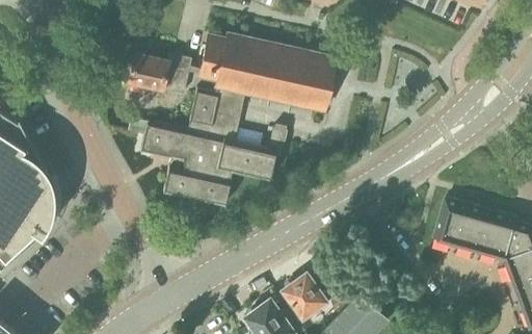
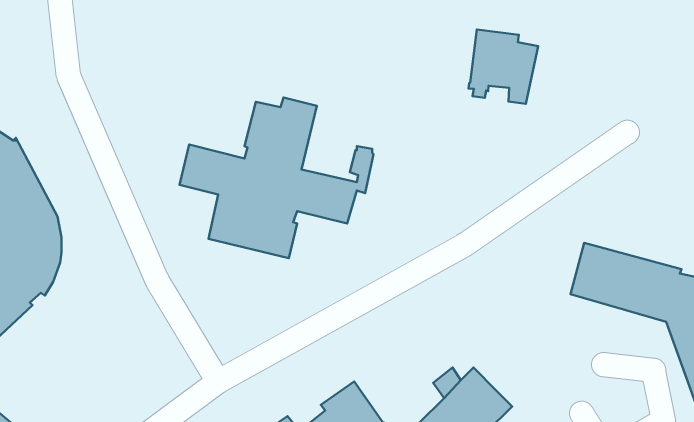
building: [128,33,336,112] -> none
building: none -> [469,30,538,104]
building: [285,272,332,319] -> none

